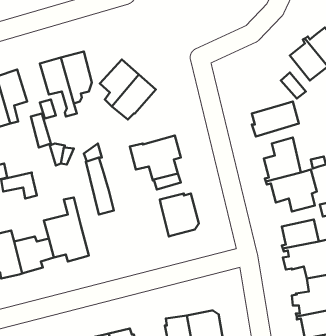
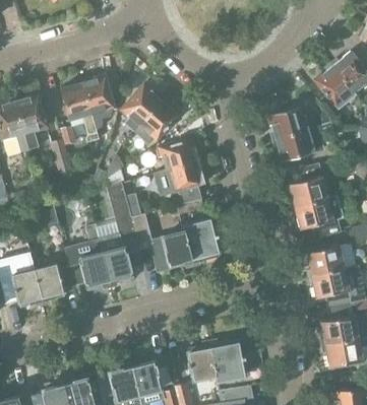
building: none -> [266,106,307,141]
building: none -> [150,139,197,171]
building: none -> [130,214,191,271]
building: none -> [102,247,131,283]

